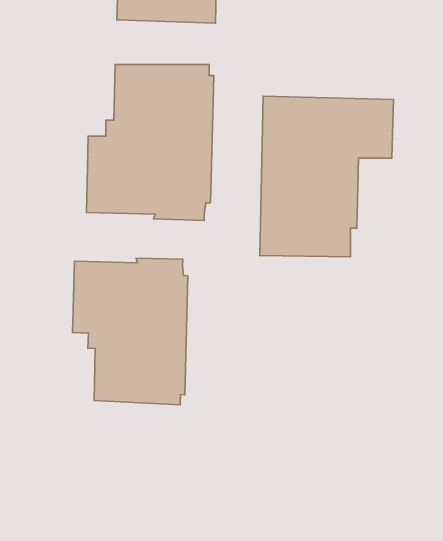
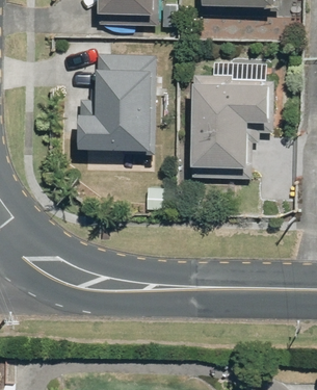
building: [73,258,188,405] -> none

